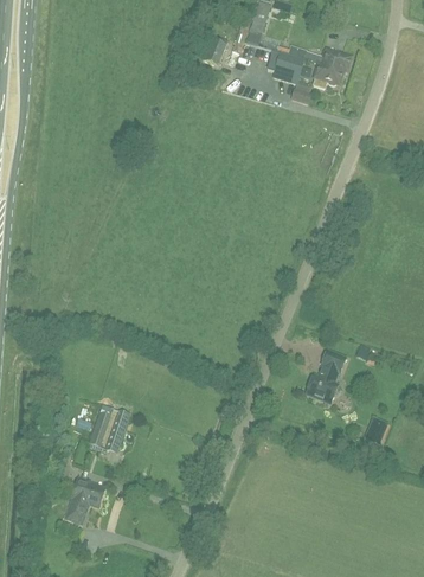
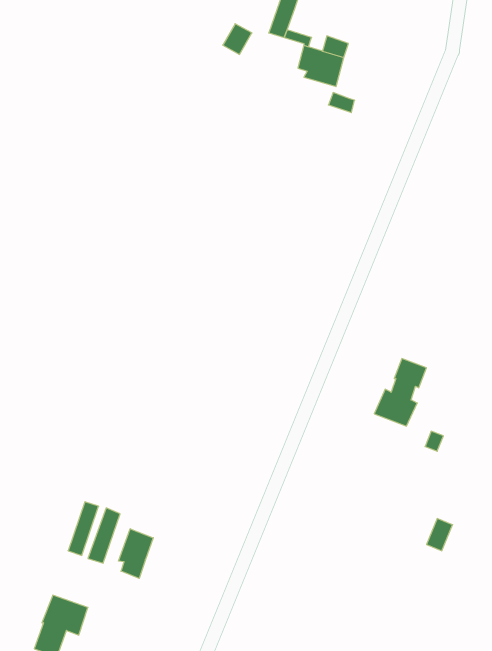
building: [314,49,353,85] -> none
building: [306,351,346,403] -> [374,359,426,426]
building: none -> [119,529,153,578]

